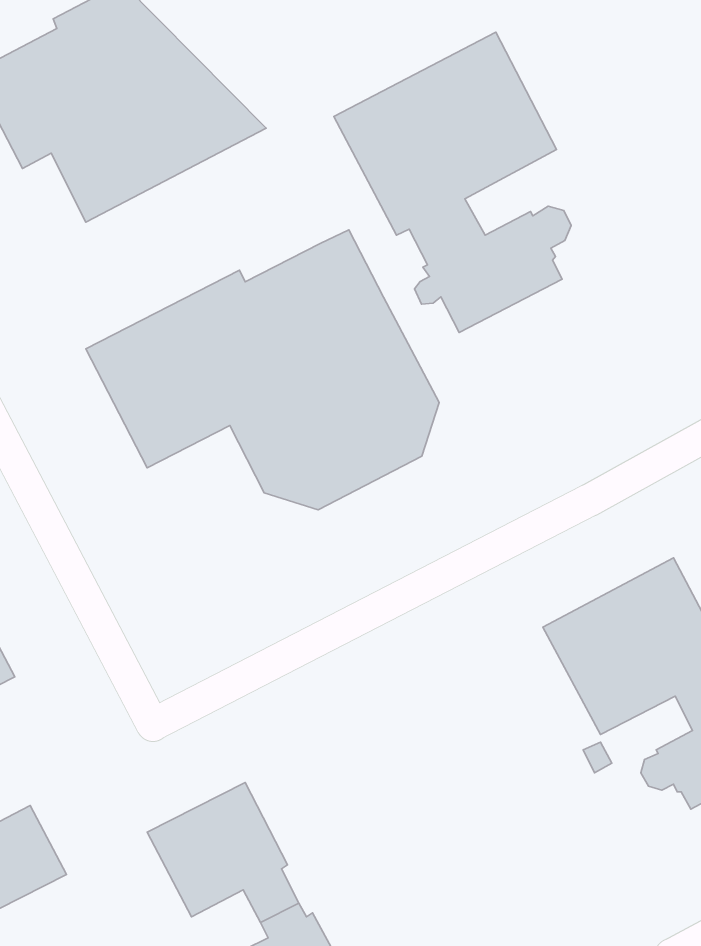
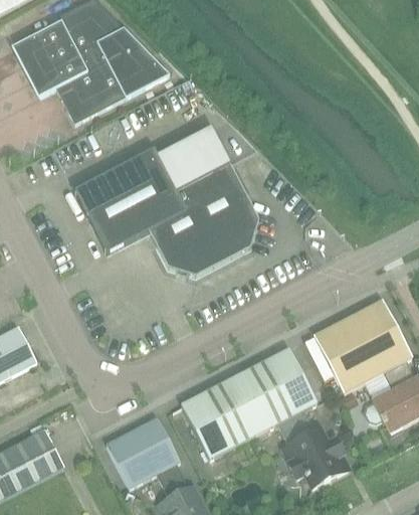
building: [334,32,571,332] -> none
building: none -> [181,348,353,490]

